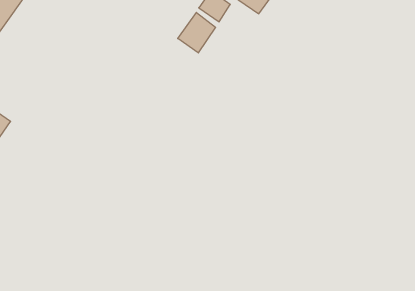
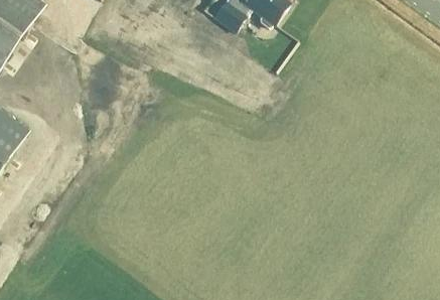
building: [178,12,216,53] -> none

